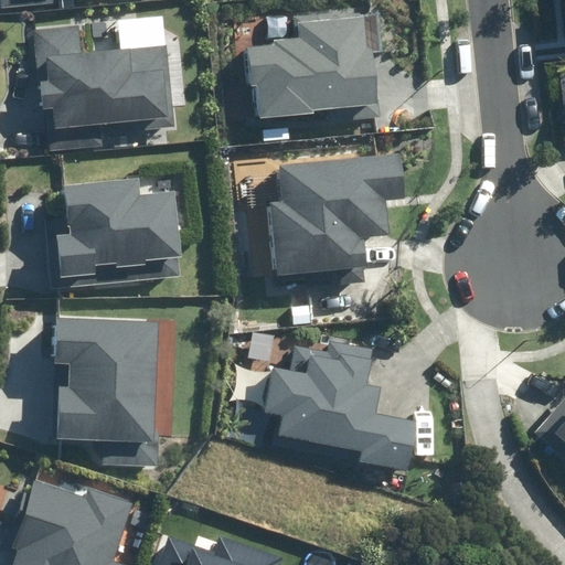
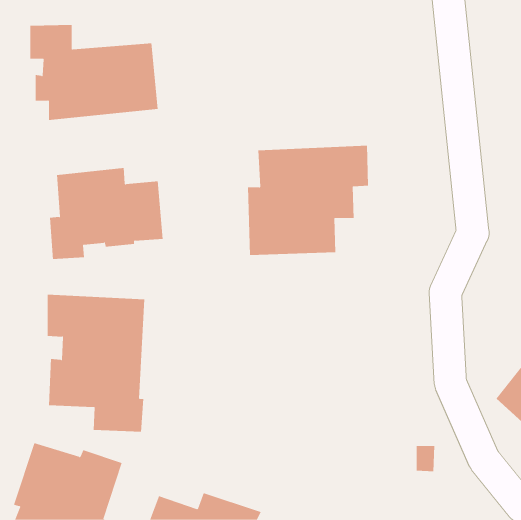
building: [244,15,379,120] -> none
building: [262,339,409,467] -> none

